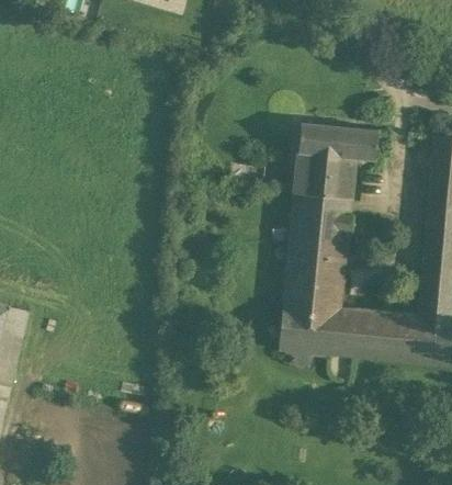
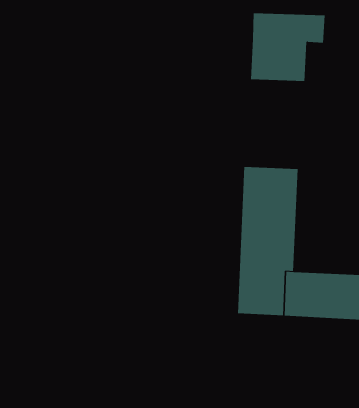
building: [292,124,375,200] -> [250,13,325,82]

